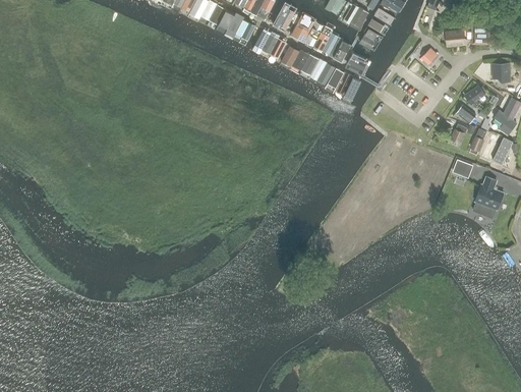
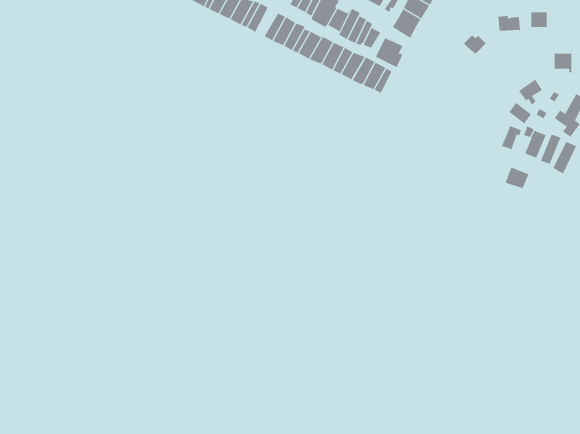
building: [473,177,504,218] -> none

